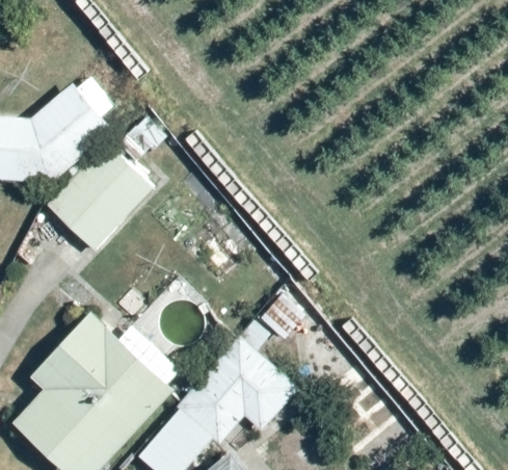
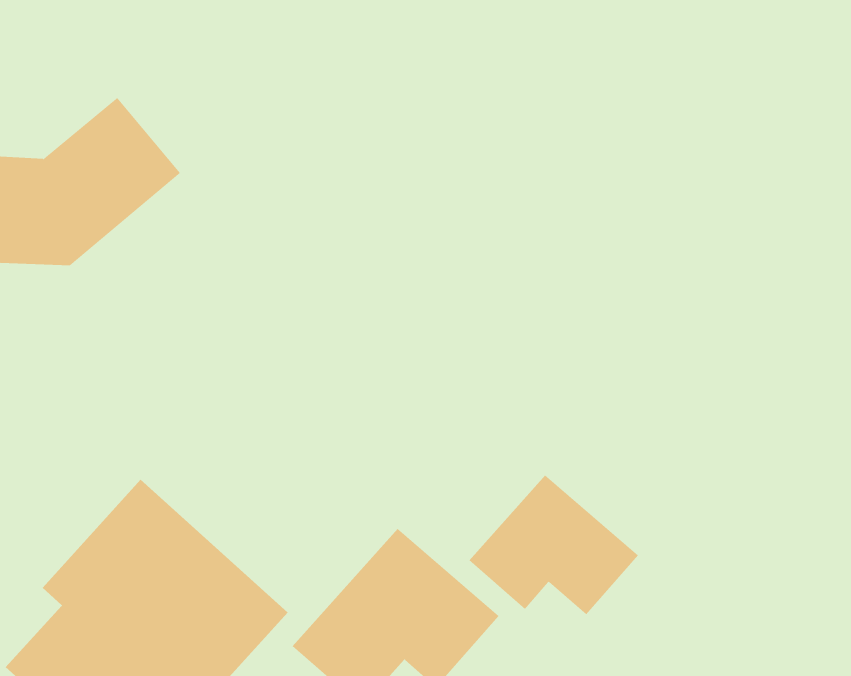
building: [45,145,152,253] -> none
building: none -> [468,475,639,615]

